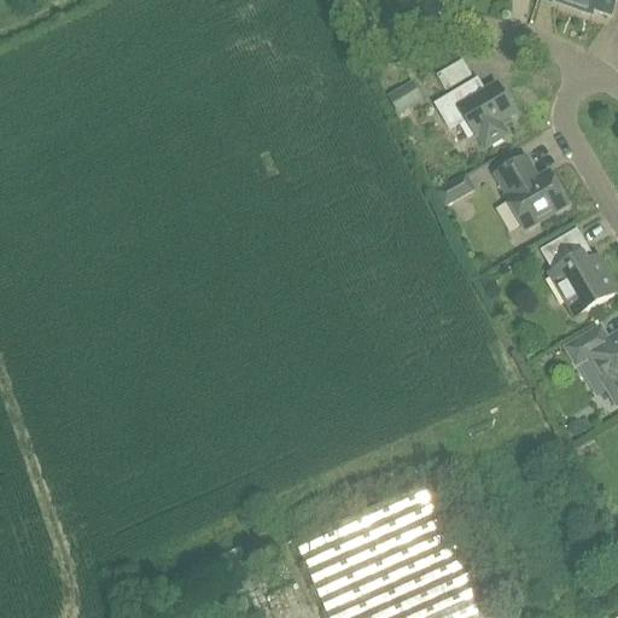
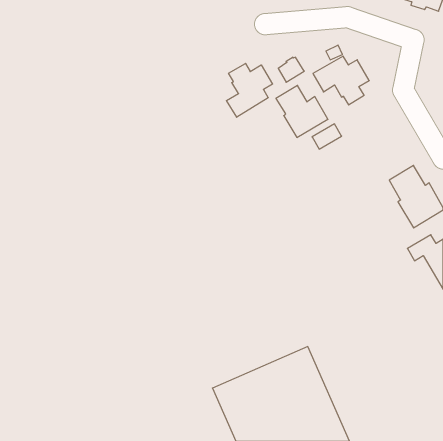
building: none -> [226,63,273,117]
building: [495,156,567,228] -> [276,85,328,137]

